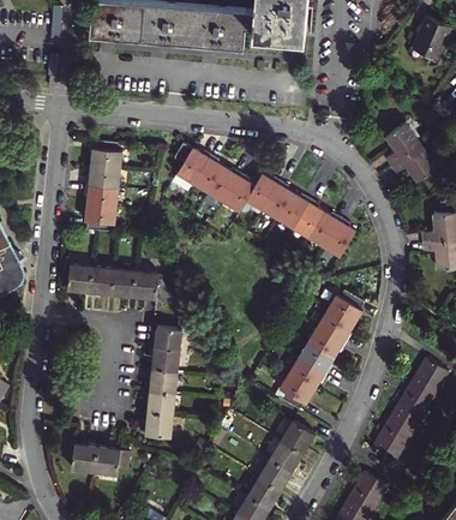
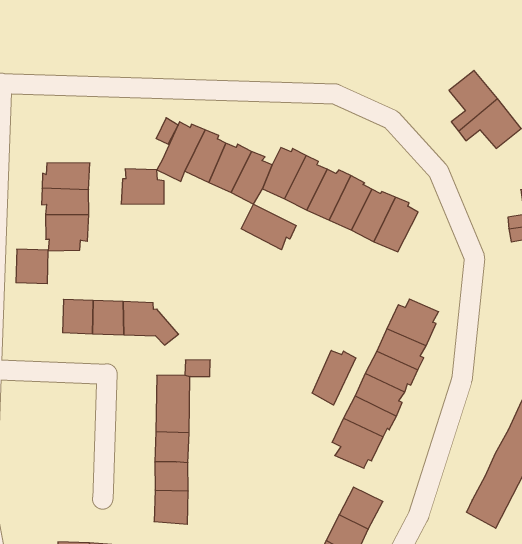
building: [90,145,122,173] -> [121,169,164,204]
building: none -> [241,204,296,250]
building: [70,268,95,294] -> [16,249,48,284]
building: none -> [312,350,356,405]

